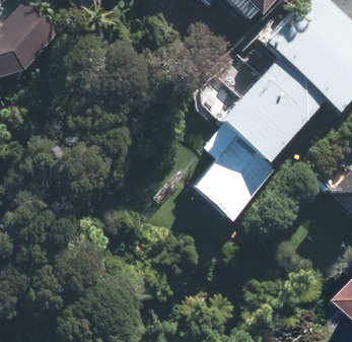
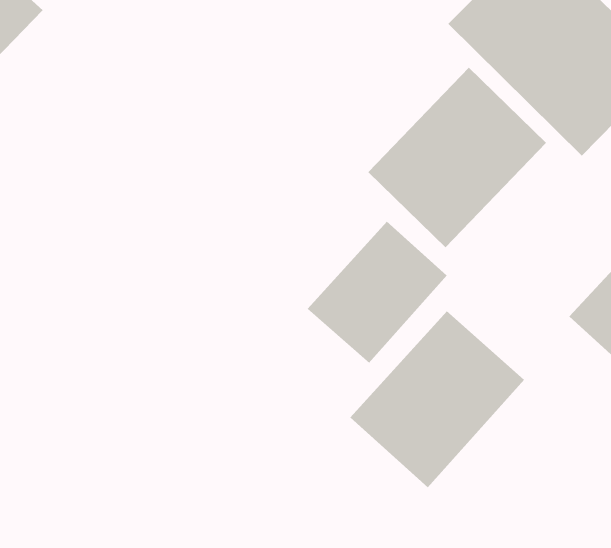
building: none -> [350,311,525,488]

